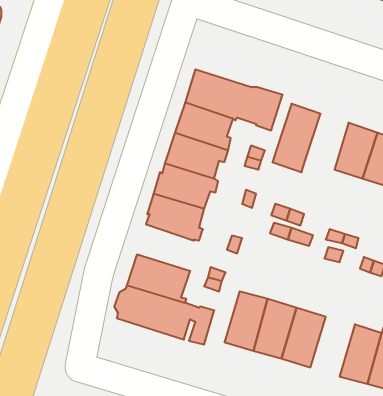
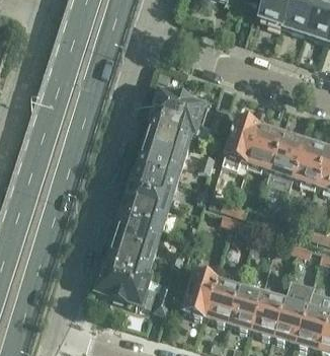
building: none -> [247,127,281,171]
building: none -> [112,215,158,253]
building: none -> [251,289,286,337]

